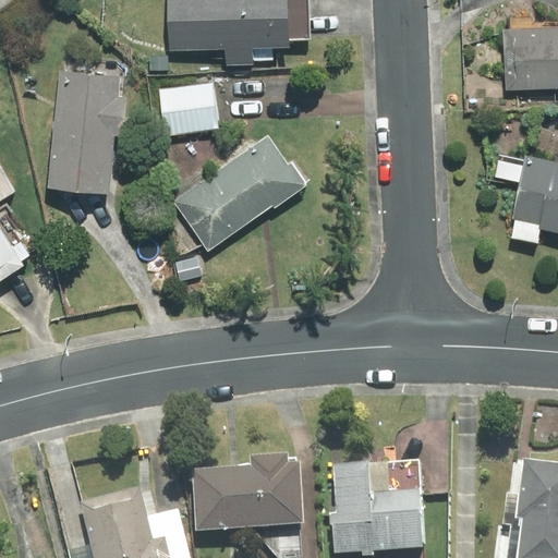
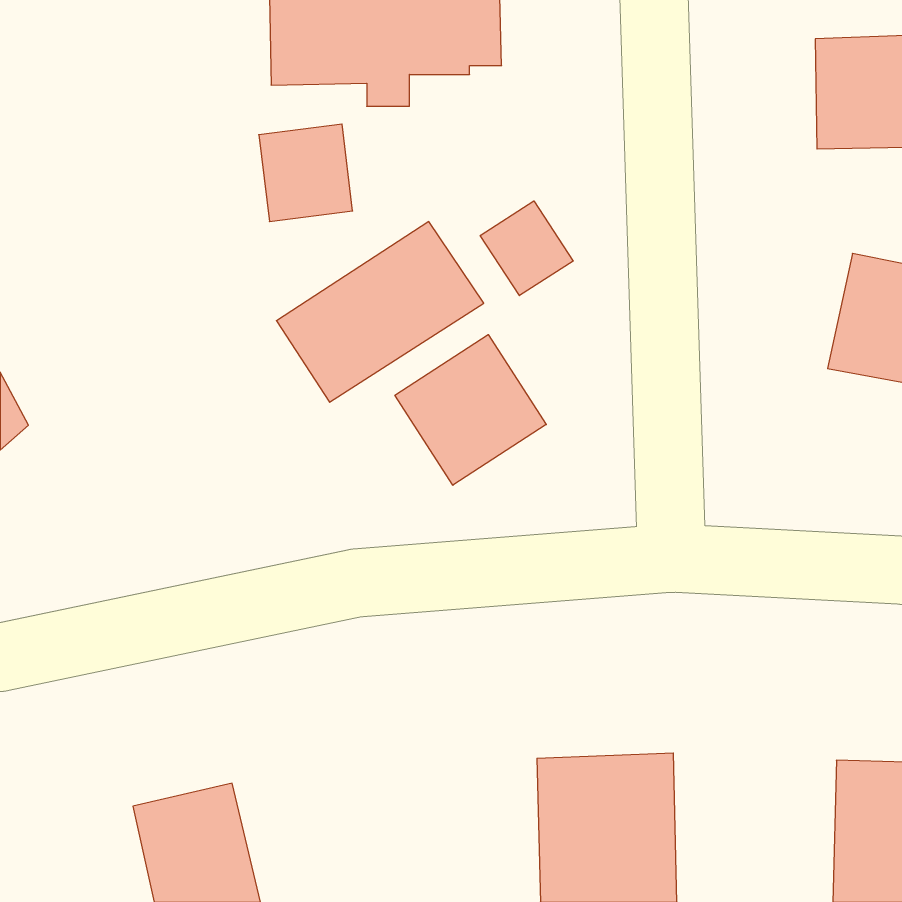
building: [49,73,122,194] -> none
building: none -> [480,201,573,296]
building: none -> [395,335,546,485]
building: [189,462,299,535] -> none

